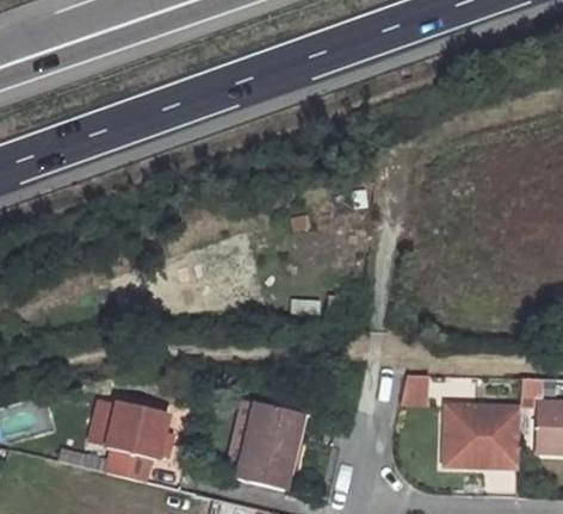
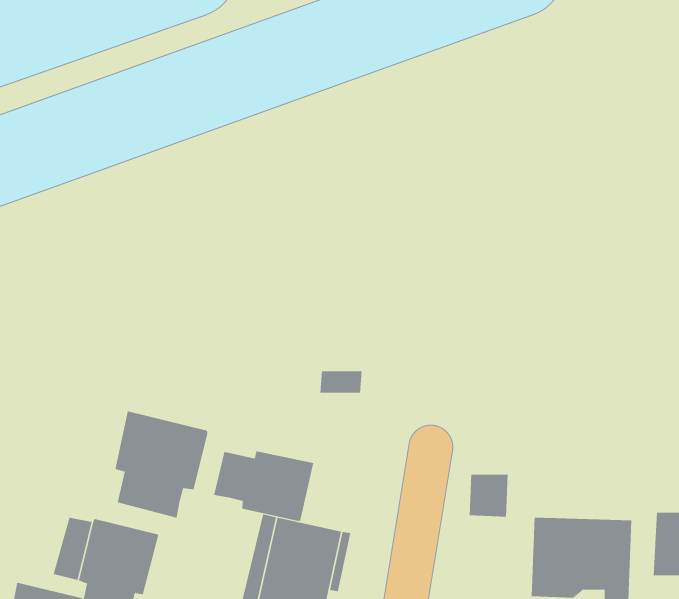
building: none -> [115,411,208,518]
building: none -> [214,451,314,522]

